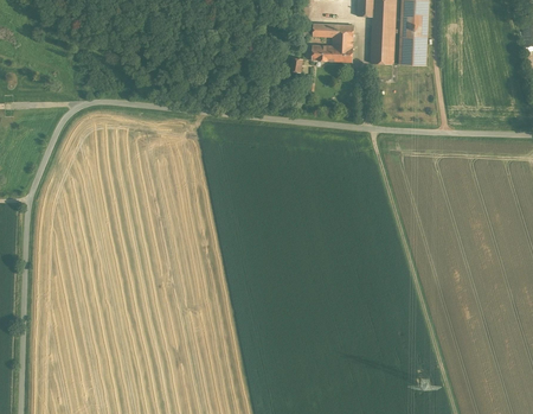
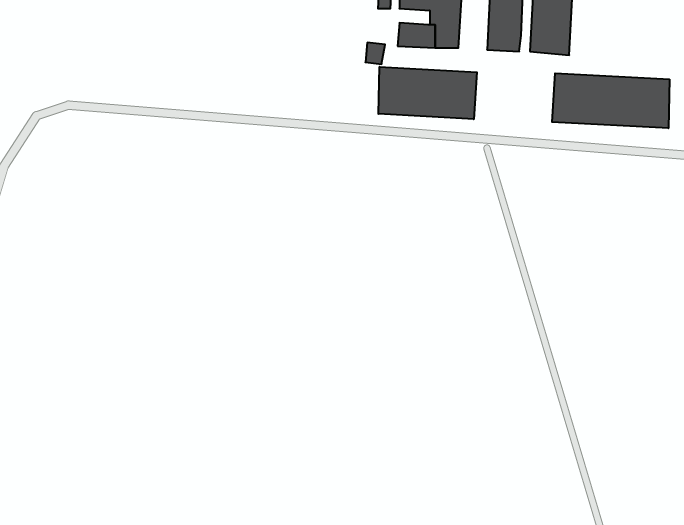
building: none -> [378,67,477,119]
building: none -> [552,73,669,128]

